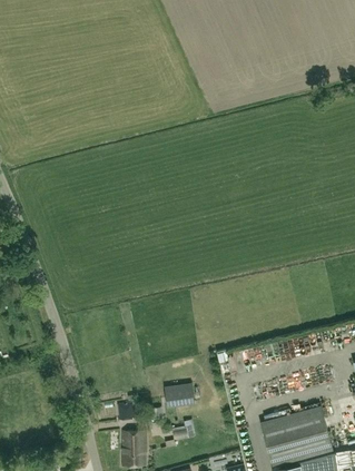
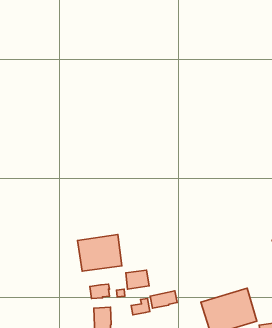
building: none -> [77,235,122,271]
building: none -> [150,291,177,308]

